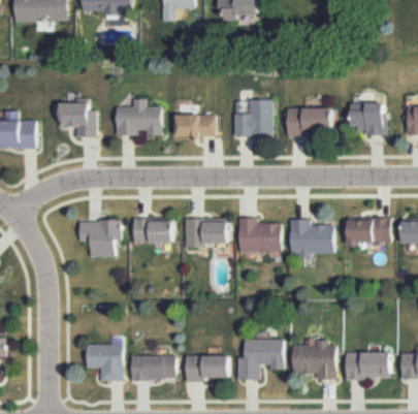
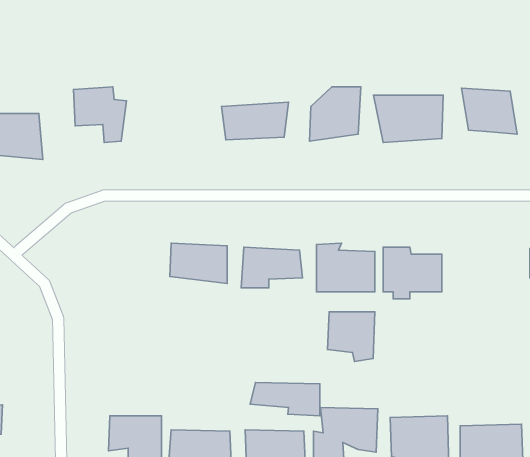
building: [114,99,158,139] -> none
building: [343,217,388,242] -> none
building: [76,219,120,257] -> none
building: none -> [328,312,375,361]
building: none -> [250,382,320,416]

